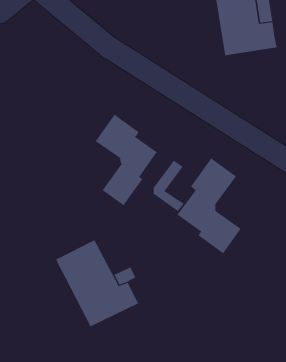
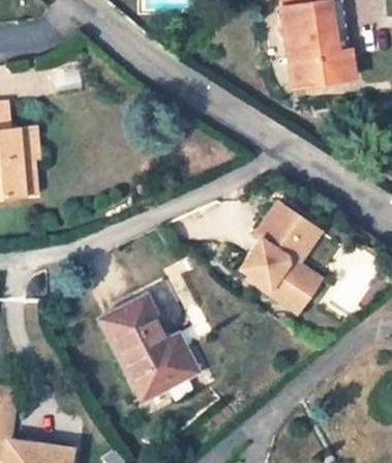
building: [95,114,158,206] -> none
building: [153,160,184,212] -> [285,224,322,284]

